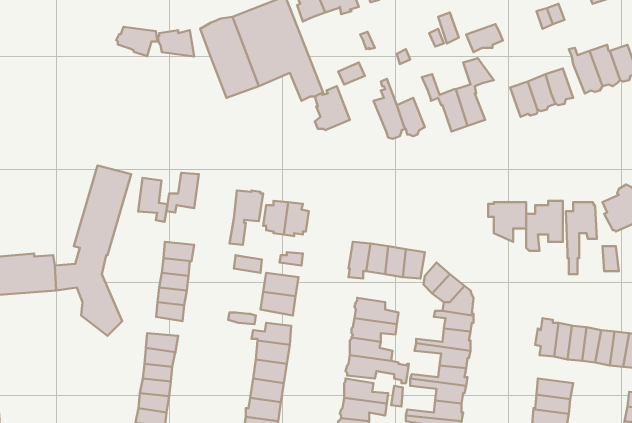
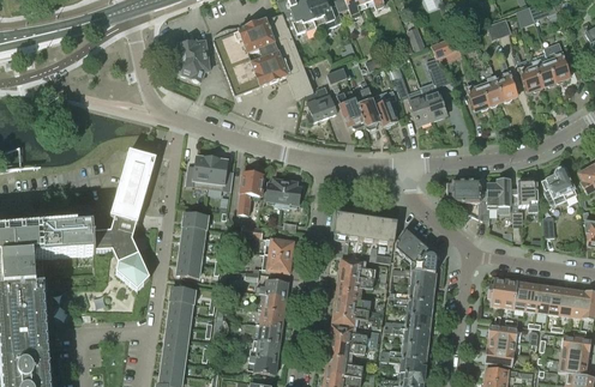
building: [116,27,157,56] -> [176,58,210,81]
building: none -> [333,85,366,127]
building: [138,178,168,222] -> [209,157,233,193]

